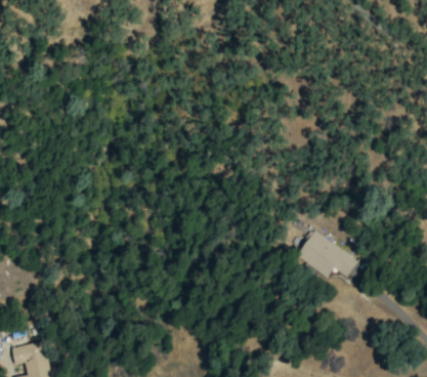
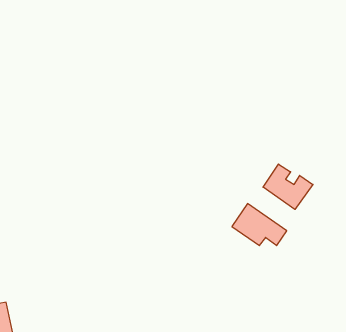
building: none -> [263,164,313,209]

